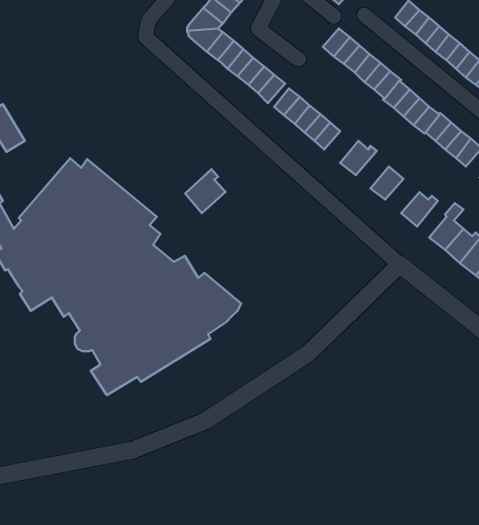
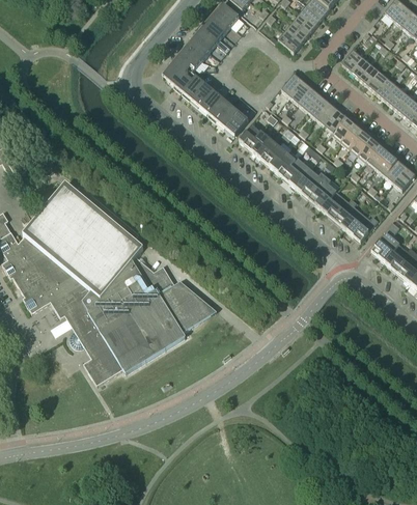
building: none -> [281,155,310,187]
building: none -> [308,176,336,208]
building: [185,169,226,213] -> none
building: none -> [333,197,362,229]

